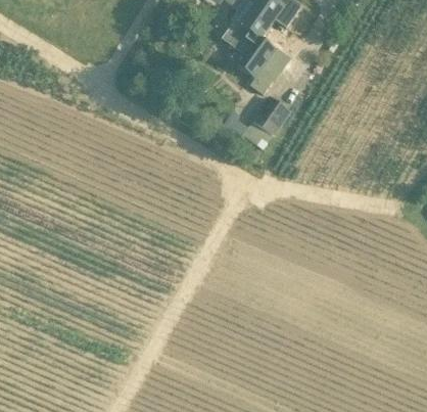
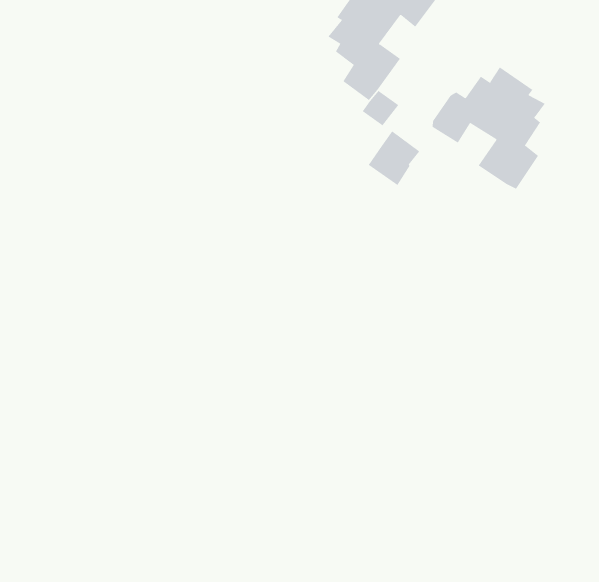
building: none -> [432,67,545,189]

